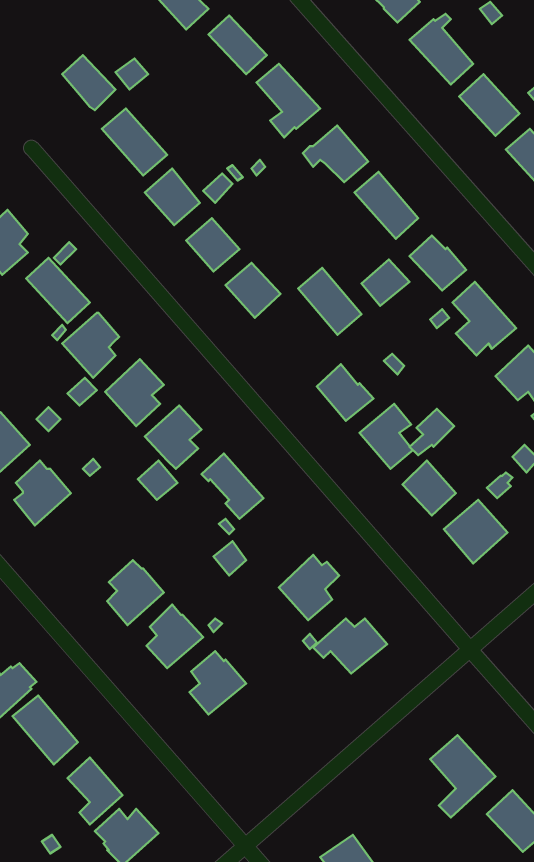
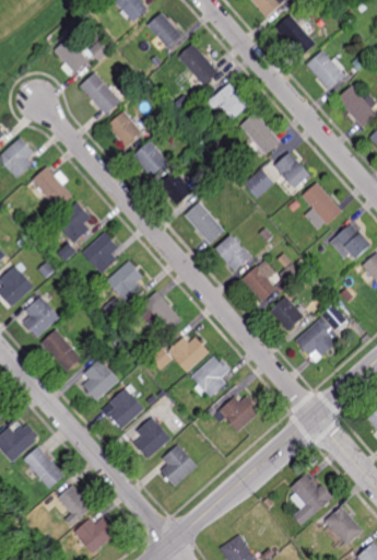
building: [298,268,362,335] -> [184,202,224,245]
building: none -> [39,329,81,372]
building: none -> [168,337,209,373]
building: none -> [160,445,196,487]

